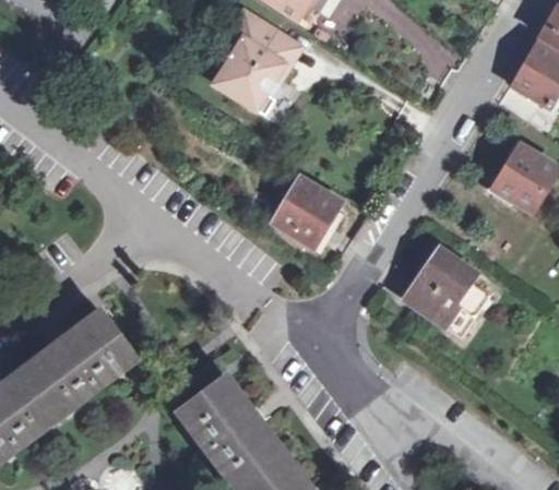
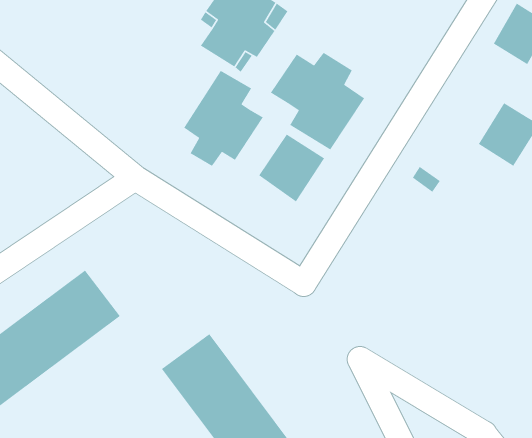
building: none -> [270,52,365,151]
building: none -> [183,70,264,167]
building: [404,248,488,336] -> none

